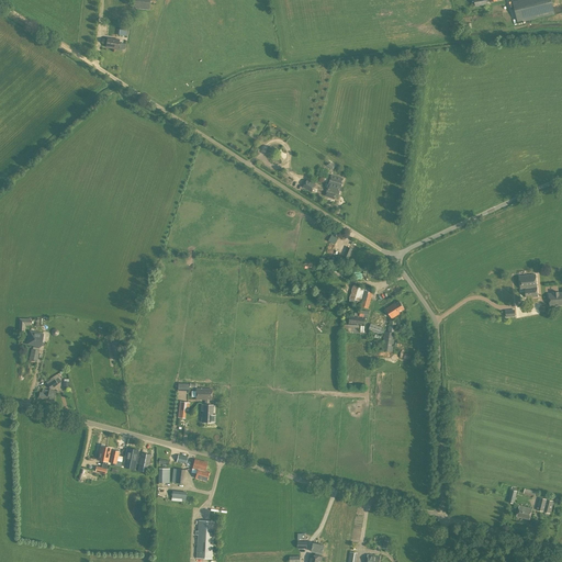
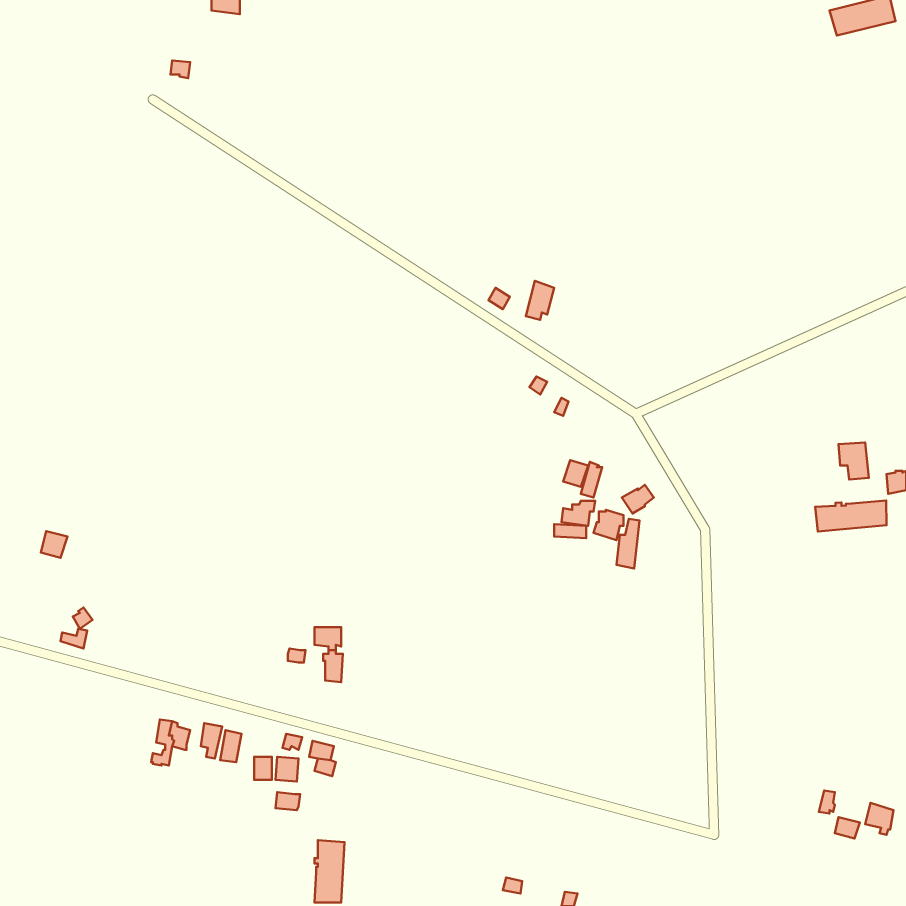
building: none -> [815,501,887,531]

